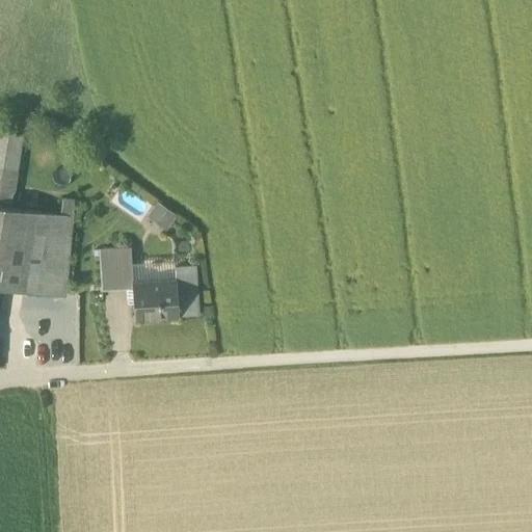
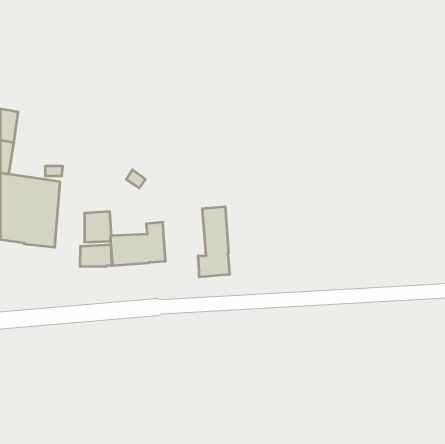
building: none -> [198,207,229,277]
building: none -> [80,245,112,267]

